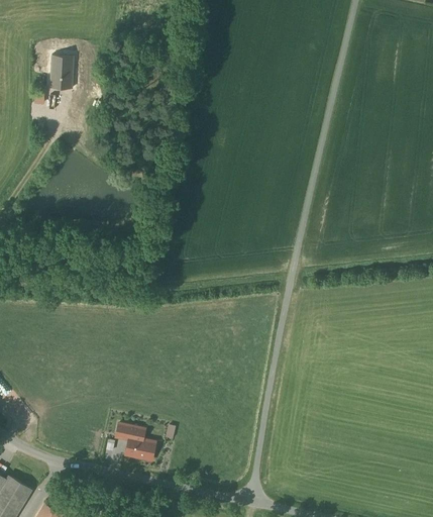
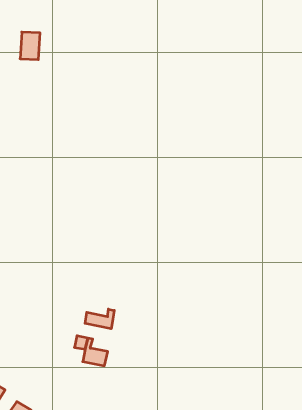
building: none -> [85,309,114,329]

